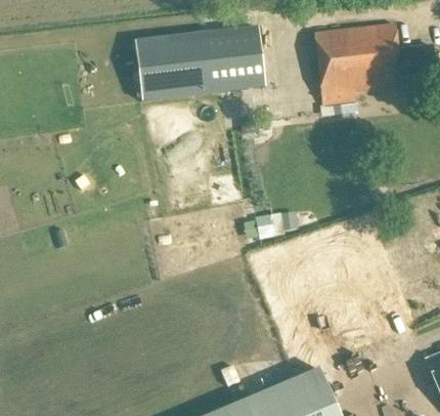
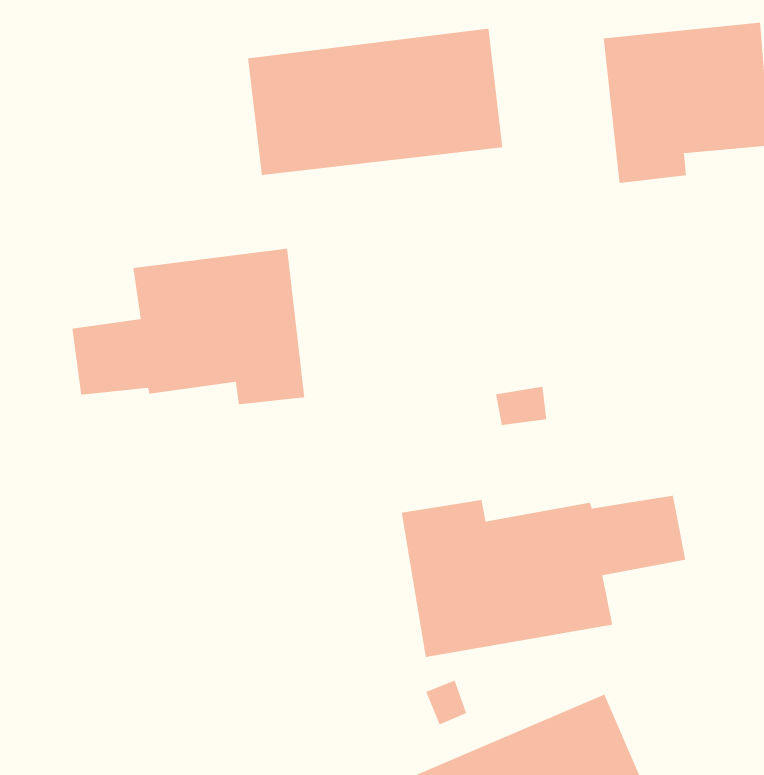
building: none -> [71,248,305,405]
building: none -> [401,495,686,658]

